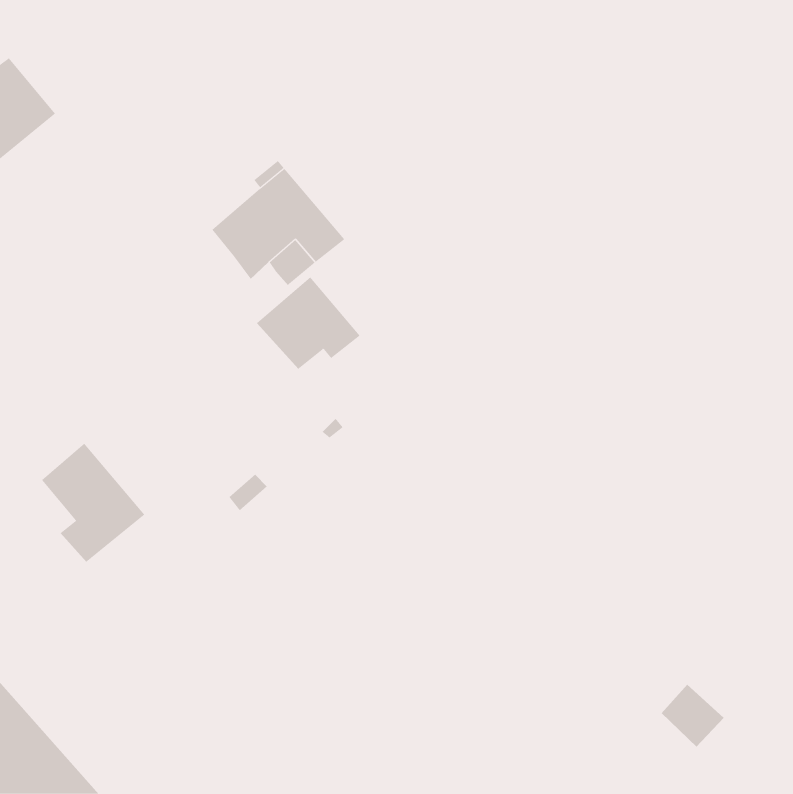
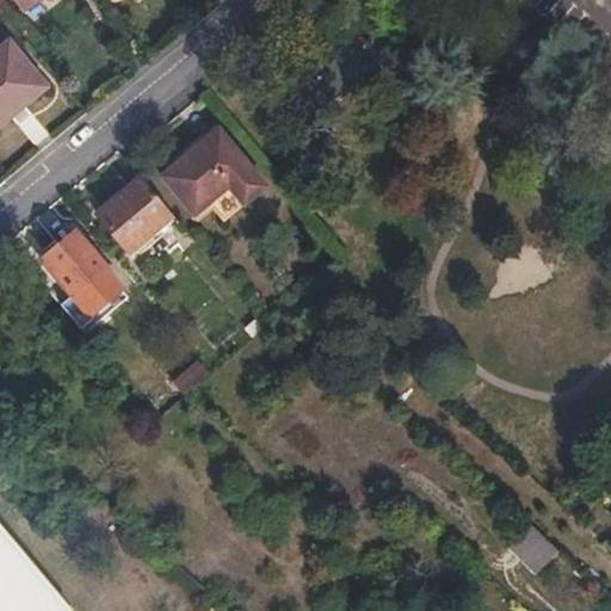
building: [256,276,360,370] -> [98,178,178,249]
building: [41,443,145,563] -> [42,233,122,325]

